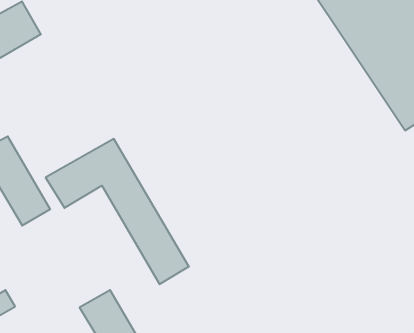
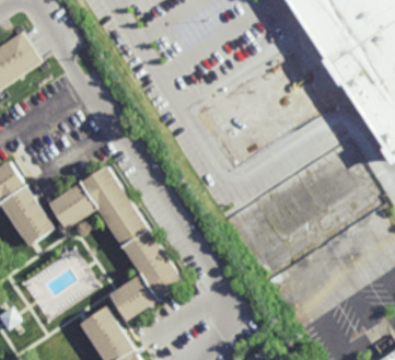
building: none -> [109,275,158,322]

